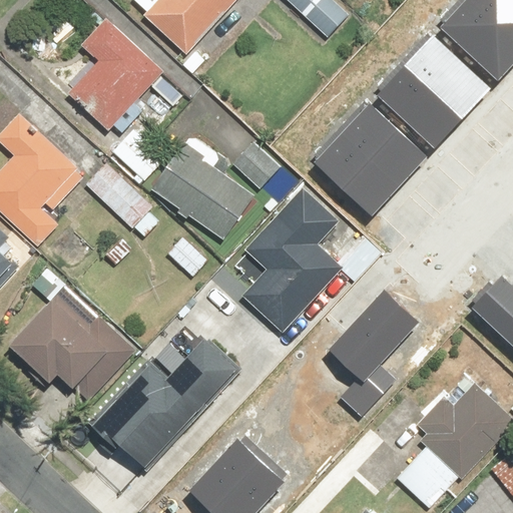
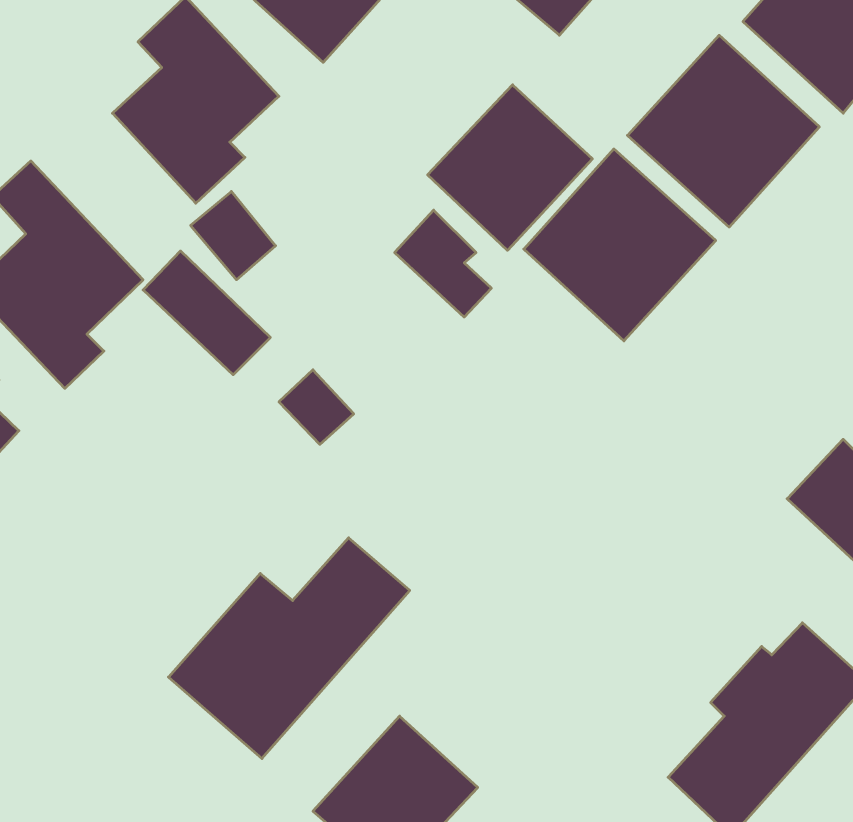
building: none -> [428,85,592,250]
building: [153,134,258,241] -> none
building: [240,185,382,337] -> none
building: [13,289,138,405] -> none
building: [324,293,414,418] -> none

